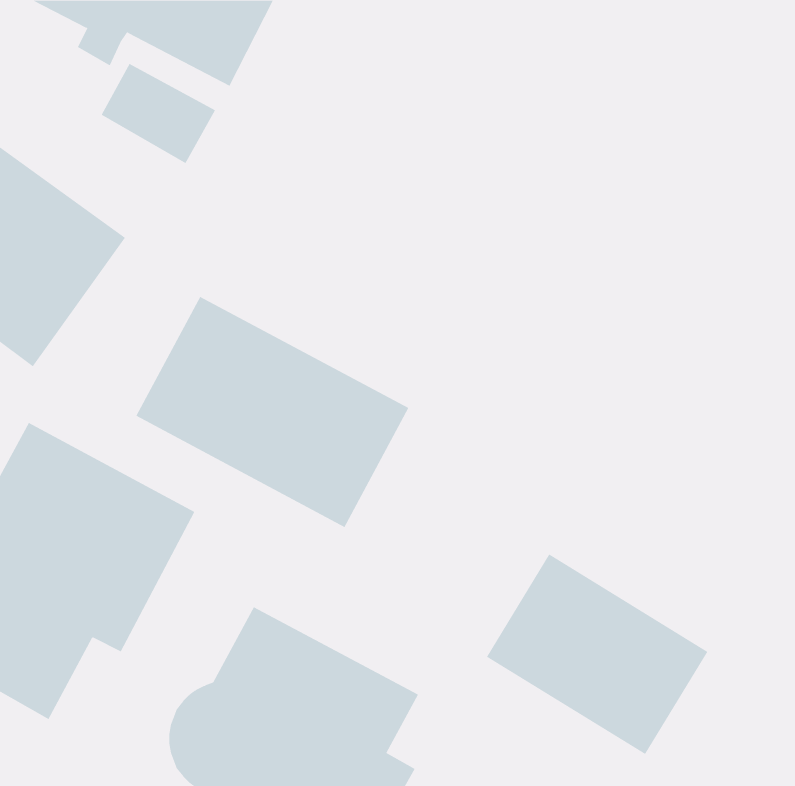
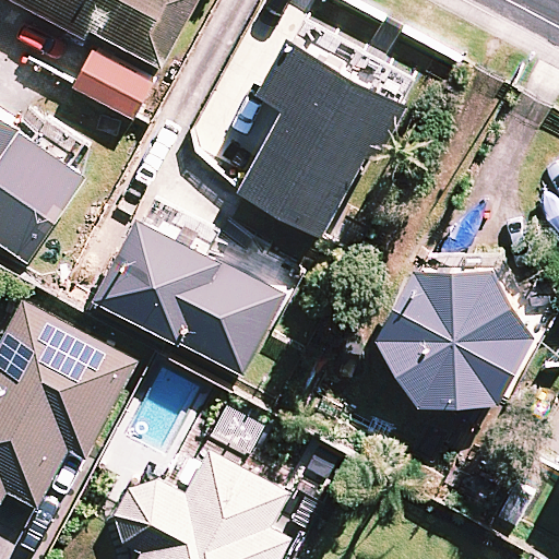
building: none -> [239,20,411,234]
building: none -> [374,261,536,408]
building: [486,554,708,755] -> none

